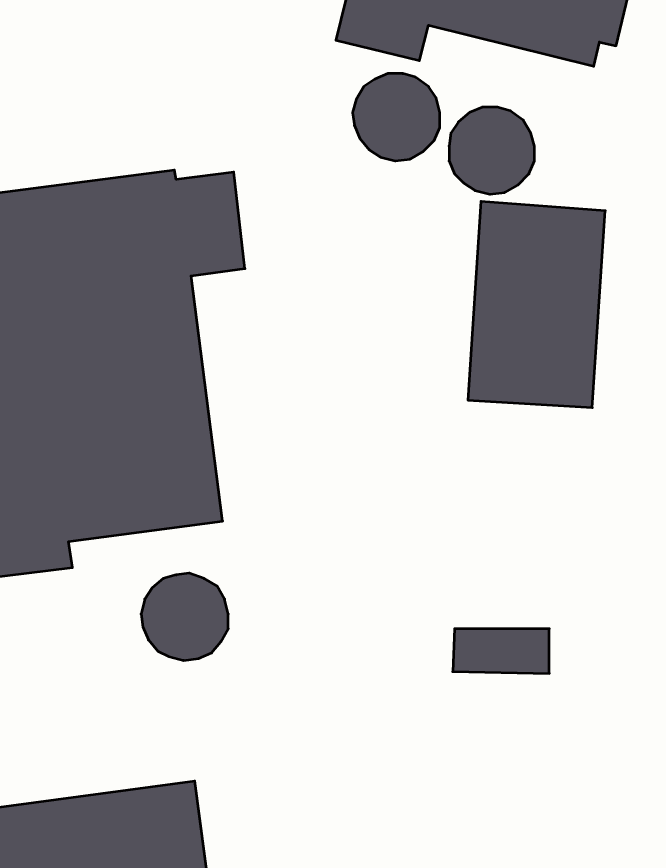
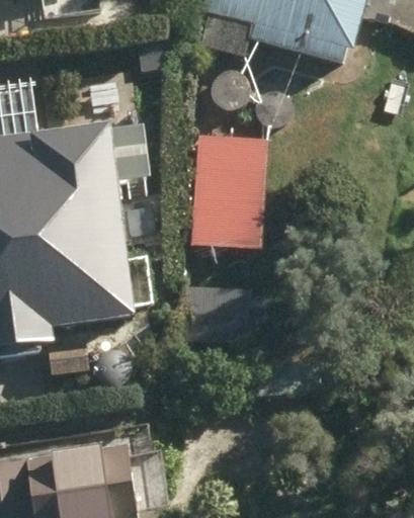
building: [468,201,605,408] -> [189,141,264,253]

